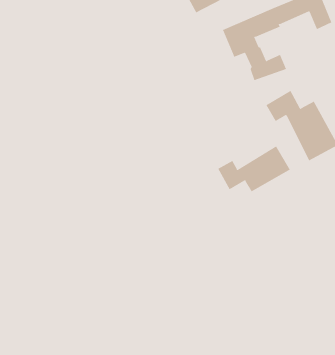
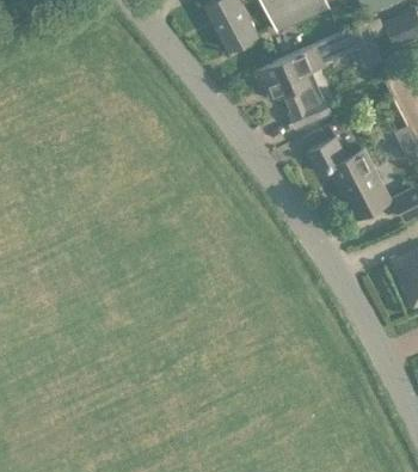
building: [218,146,290,192] -> none

